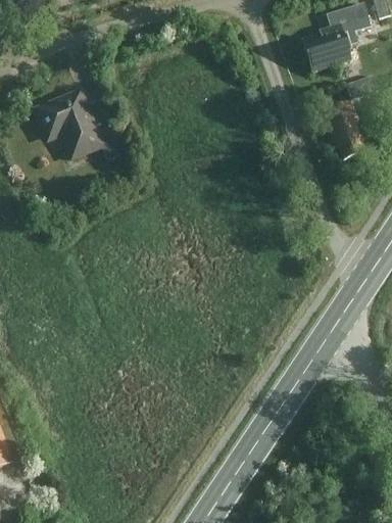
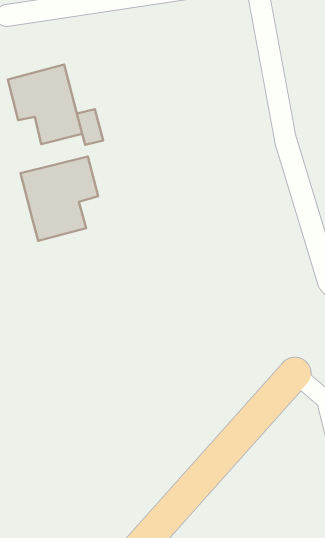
building: none -> [21,157,98,241]

